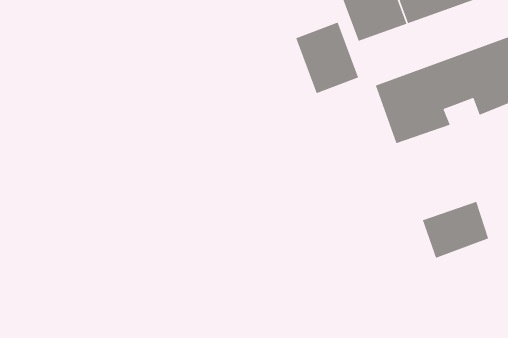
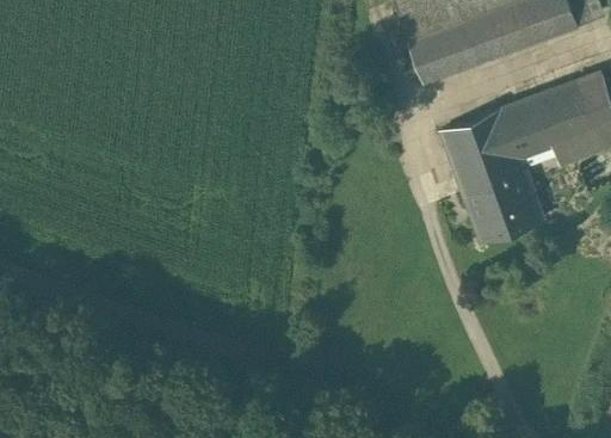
building: [295,22,359,94] -> none
building: [422,201,489,259] -> [467,179,543,245]

